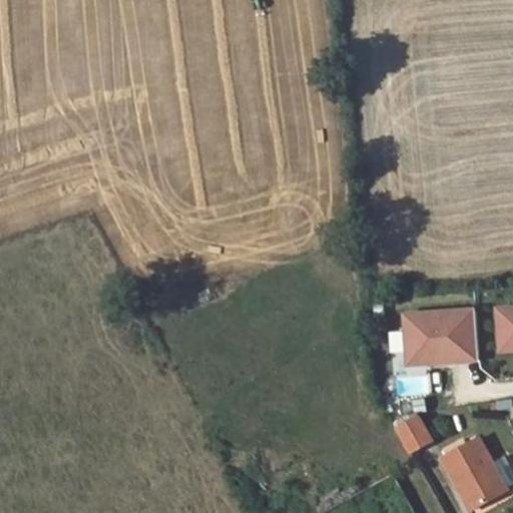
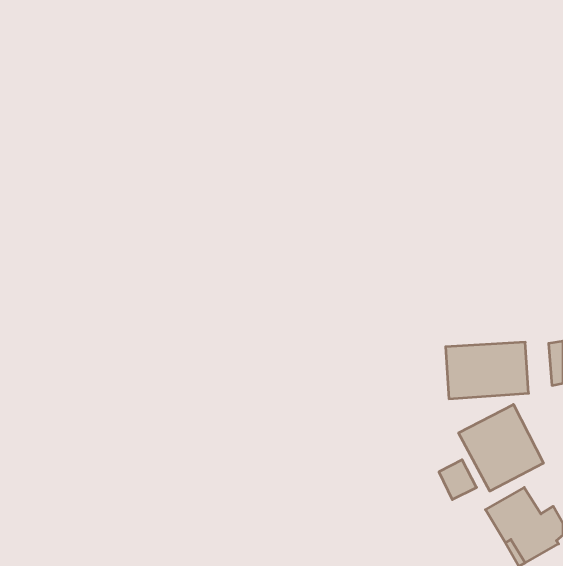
building: none -> [459,404,543,491]

